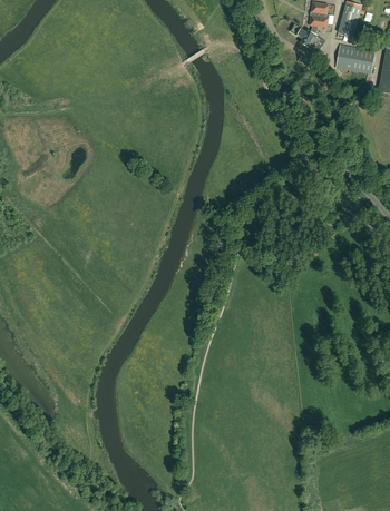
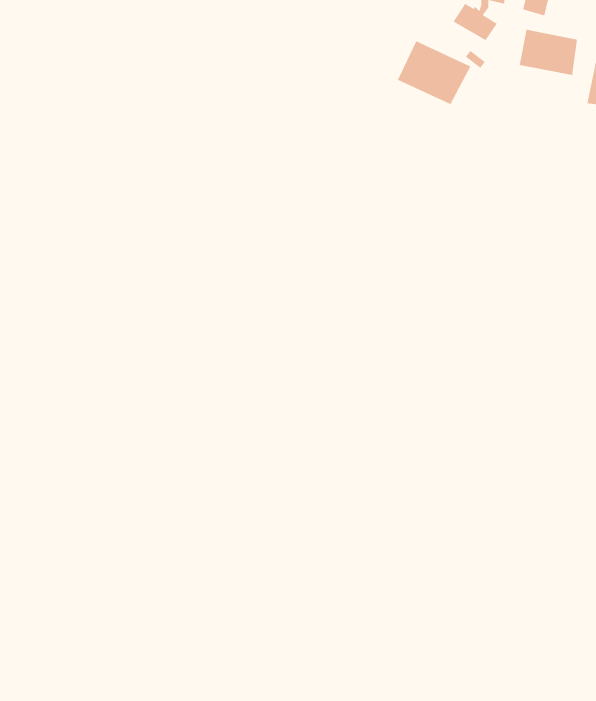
building: none -> [397,40,471,105]

